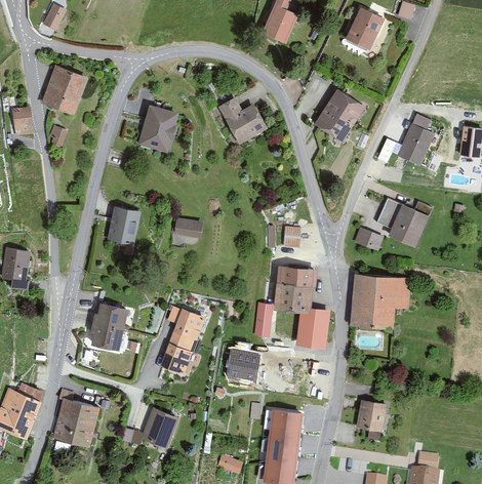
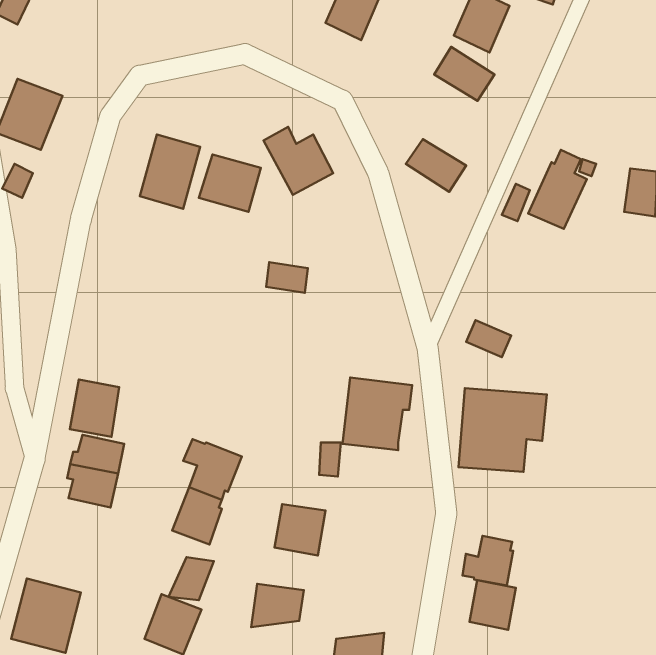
building: [325,88,365,124] -> [434,47,495,101]
building: none -> [199,155,261,212]
building: [377,199,430,248] -> none
building: [107,206,139,244] -> [70,380,119,437]
building: [173,217,201,238] -> [266,262,308,293]
building: [283,223,302,247] -> none
building: [296,308,330,348] -> none
building: none -> [463,536,513,586]
building: none -> [169,557,214,600]
building: [268,409,303,438] -> [251,584,304,627]

